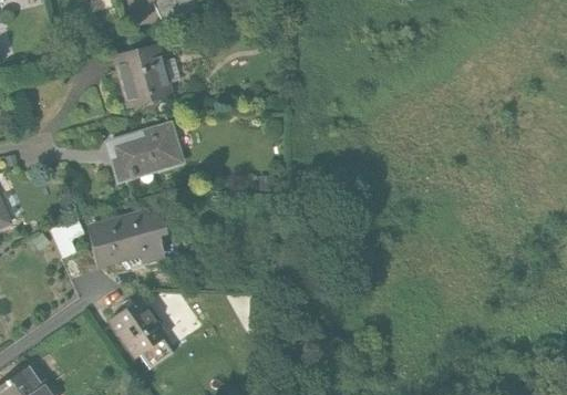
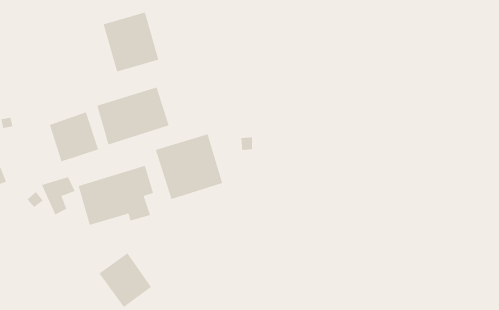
building: none -> [49,111,99,162]
building: none -> [155,134,223,200]

